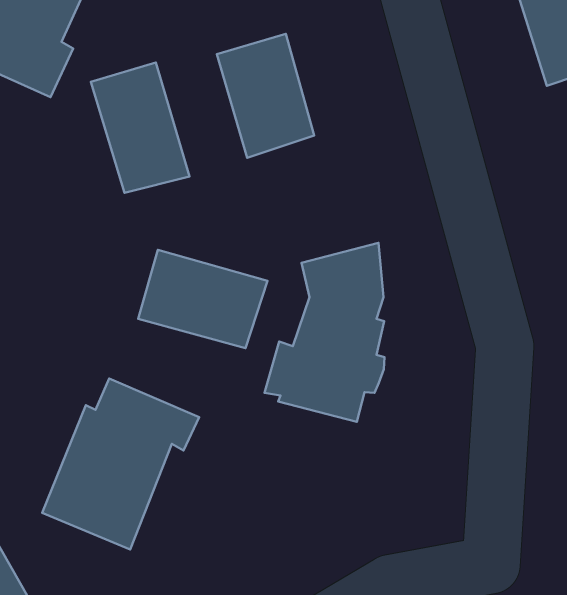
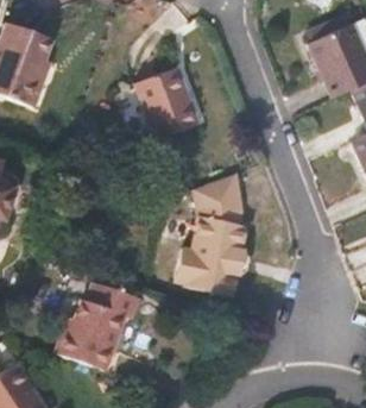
building: [91,63,189,193] -> none
building: [138,250,267,348] -> none

